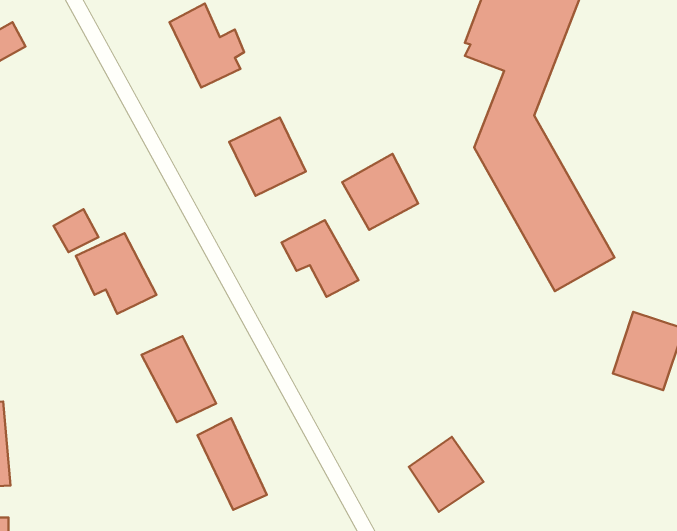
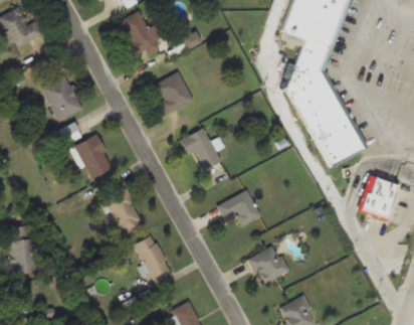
building: none -> [41,74,83,121]
building: [342,154,418,230] -> none
building: none -> [218,191,260,226]

